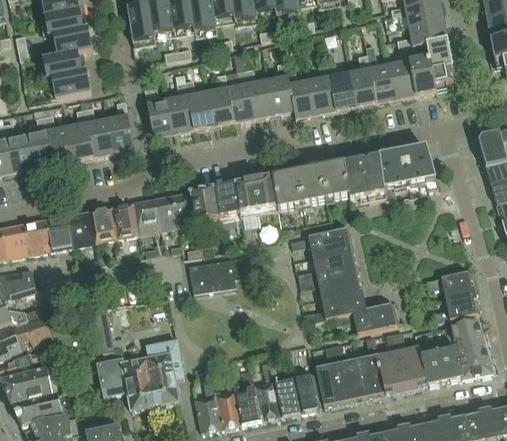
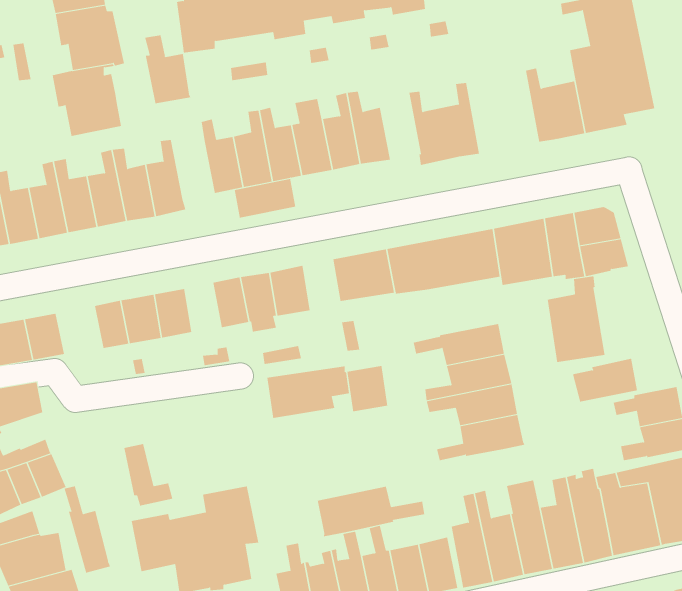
building: none -> [144,34,191,104]
building: [327,53,376,110] -> none
building: [268,61,295,114] -> none
building: none -> [234,178,296,219]
building: [215,182,240,217] -> none
building: none -> [547,275,605,363]
building: [134,198,159,232] -> none
building: [46,214,78,247] -> none
building: none -> [347,365,388,412]
building: [353,301,398,331] -> [572,358,638,402]
building: none -> [64,486,111,573]
building: none -> [317,486,425,537]

